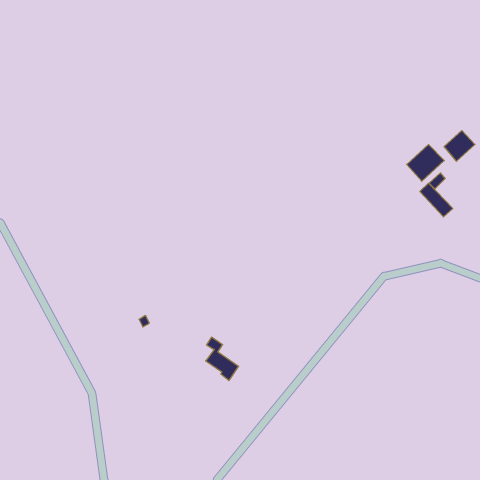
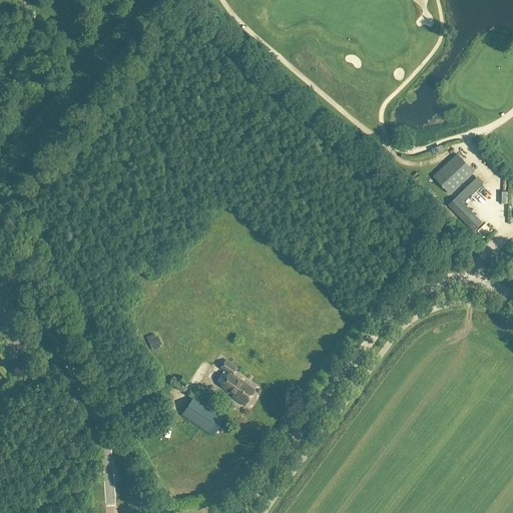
building: [444,131,475,161] -> none
building: none -> [181,393,224,435]

